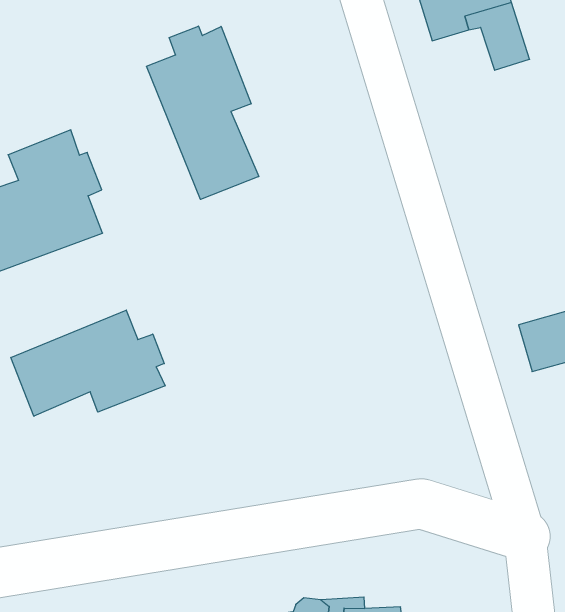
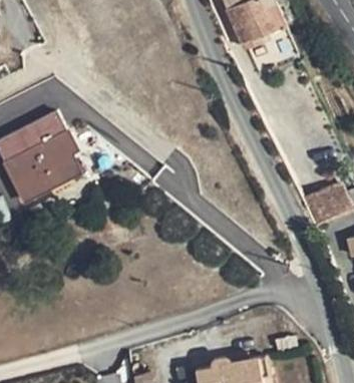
building: [146,26,259,199] -> none
building: [11,310,165,416] -> none

